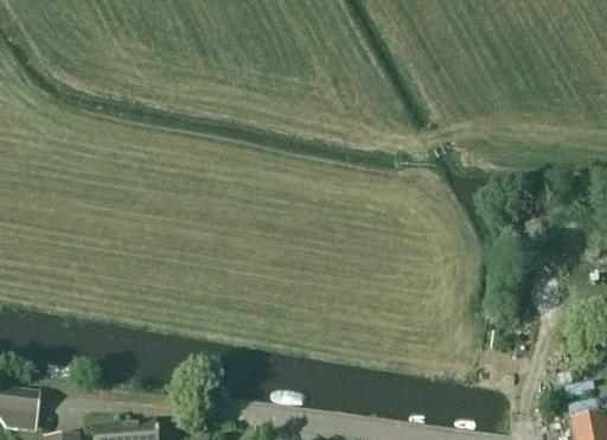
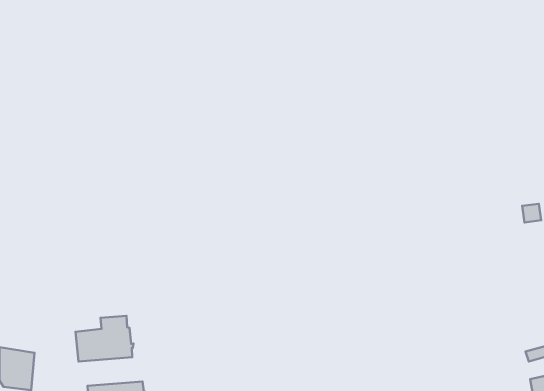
building: none -> [76,316,133,362]

